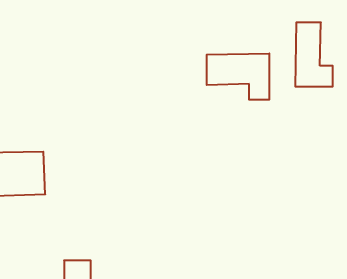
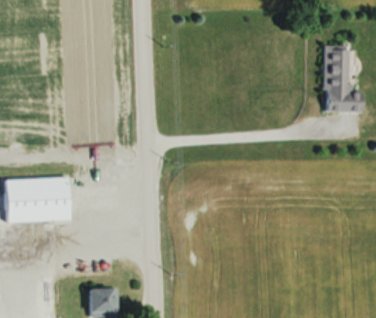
building: [207,53,269,100] -> none

